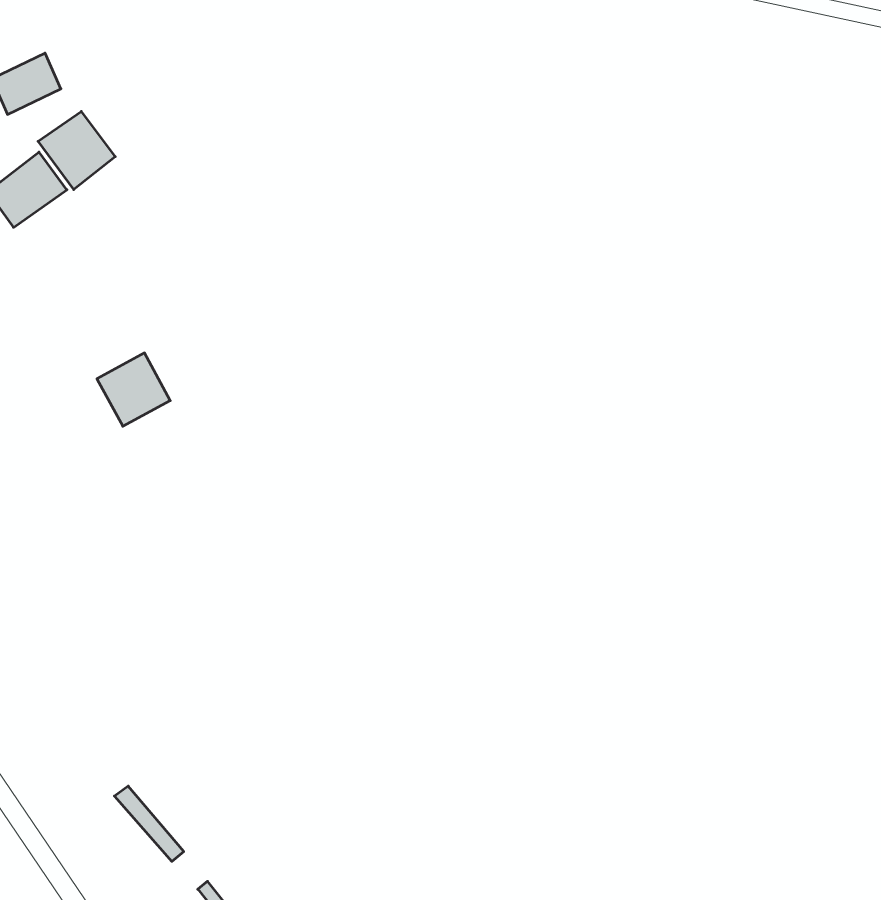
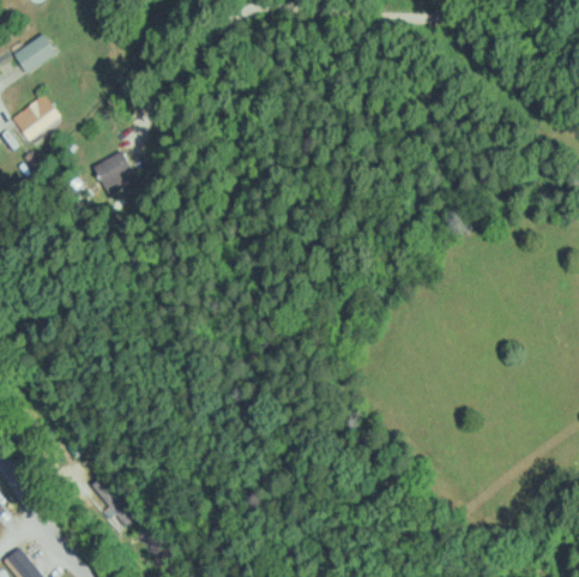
building: [38,111,115,190] -> none
building: [97,353,170,426] -> [91,151,135,196]

